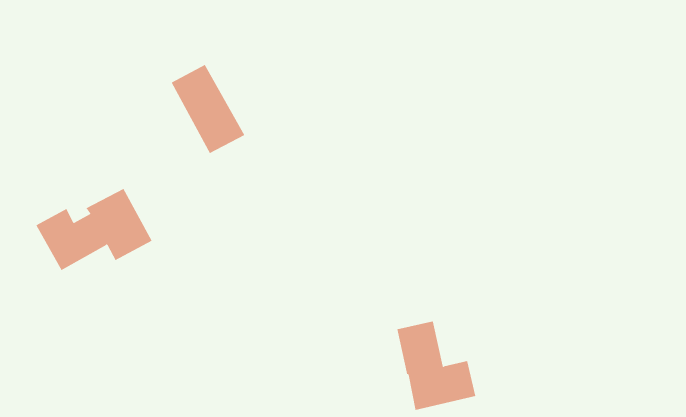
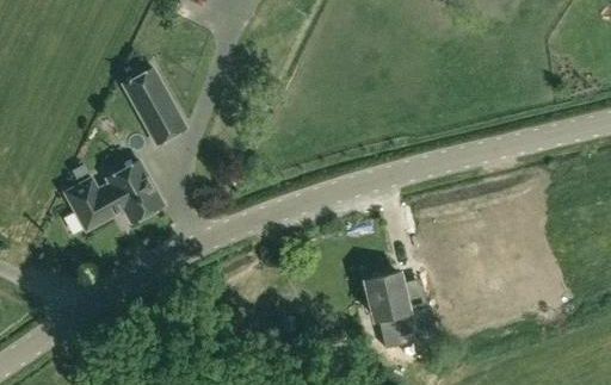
building: [171,64,245,154] -> [123,68,185,143]

